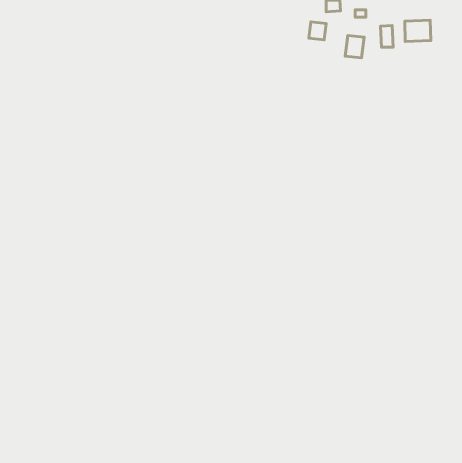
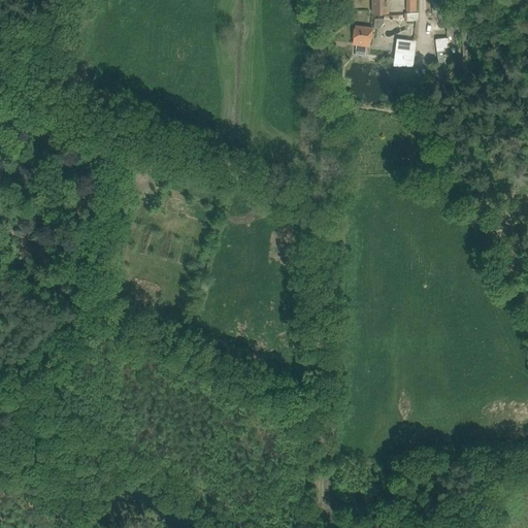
building: [405,20,431,41] -> none

